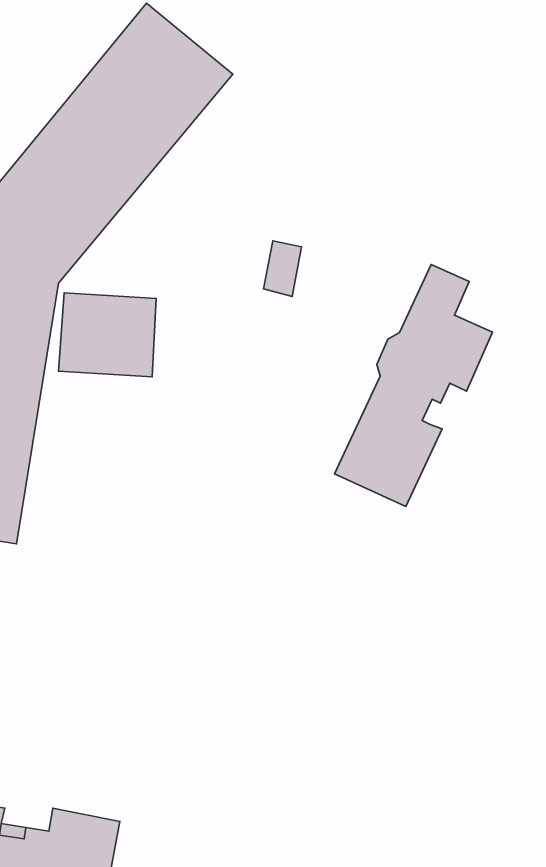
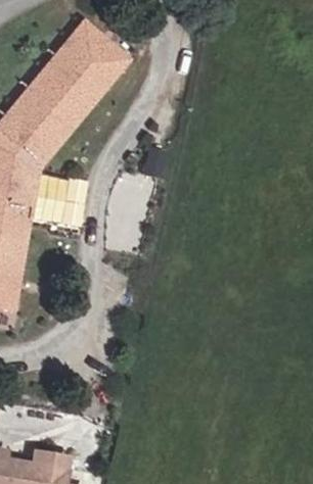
building: [335,264,492,507] -> none

